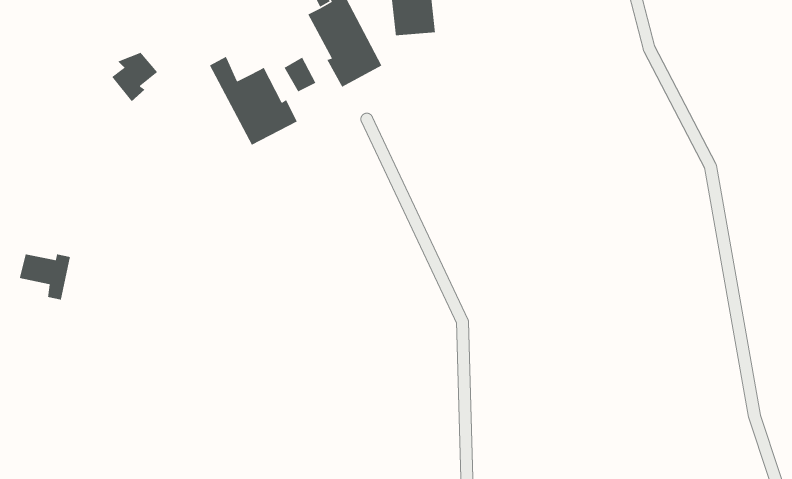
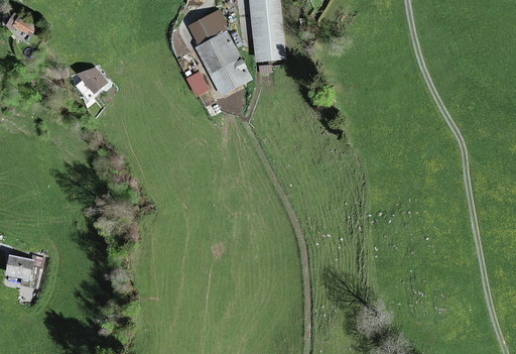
building: [209,56,298,146] -> none
building: [19,253,71,301] -> [7,256,40,286]

